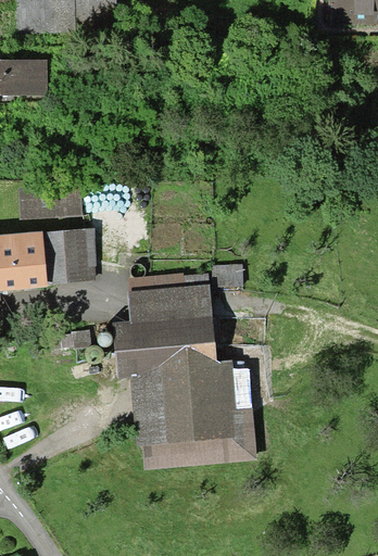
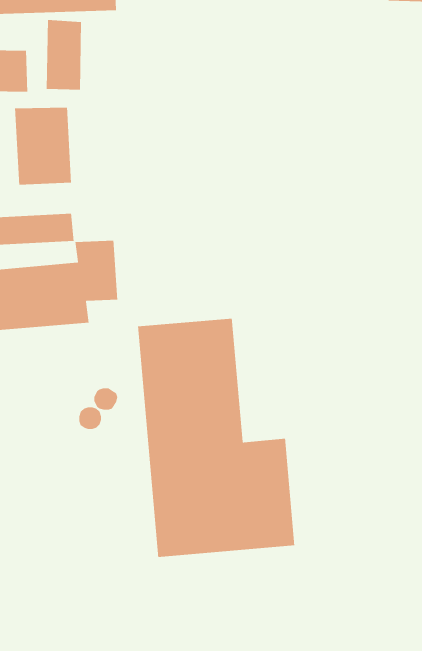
building: none -> [46,19,82,91]
building: none -> [14,107,72,185]

